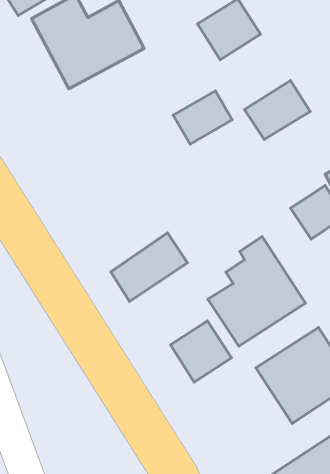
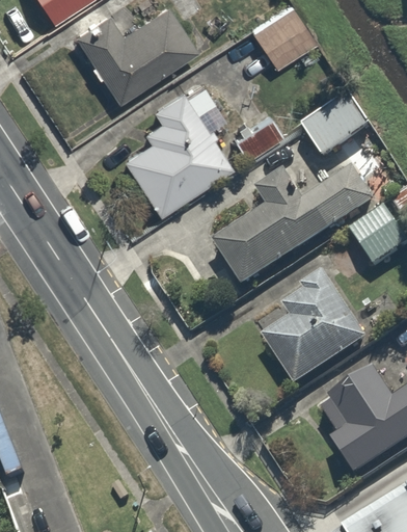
building: none -> [121,89,233,214]
building: none -> [213,156,378,291]
building: [111,233,187,301] -> none
building: [170,321,231,382] -> none

